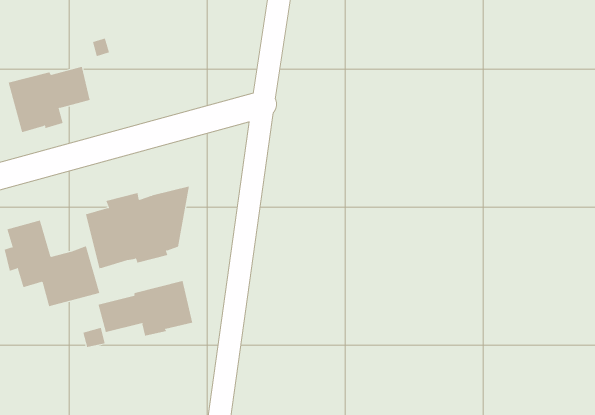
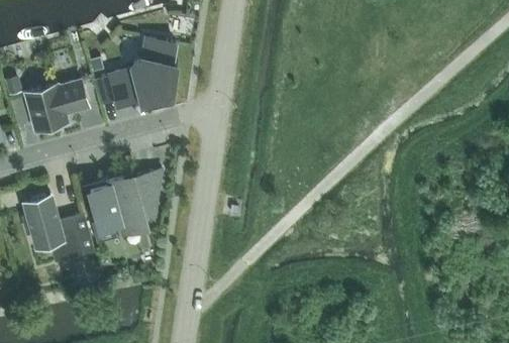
building: none -> [110,39,178,104]
building: [98,280,193,336] -> none

